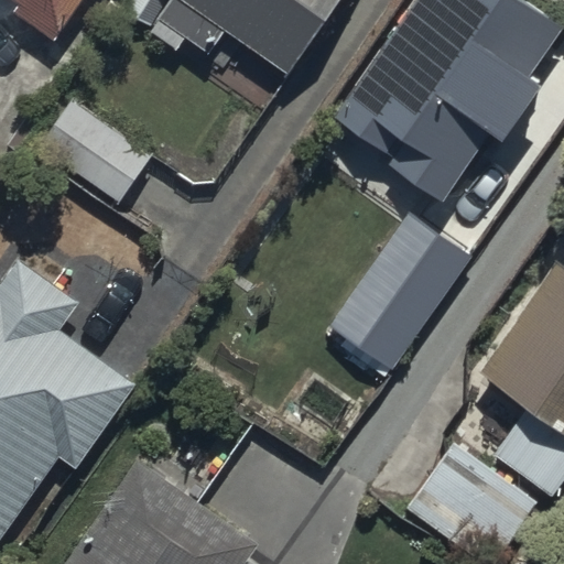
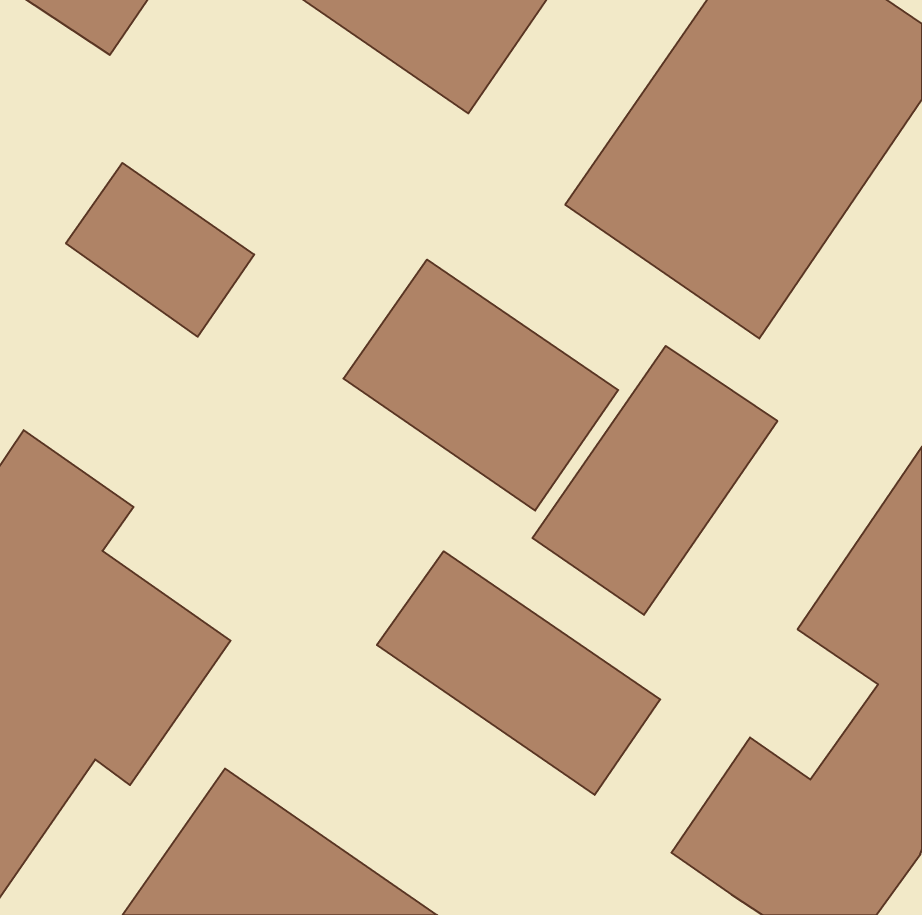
building: none -> [343,260,618,511]
building: none -> [377,551,660,795]

